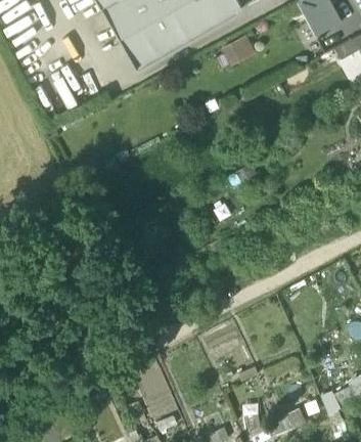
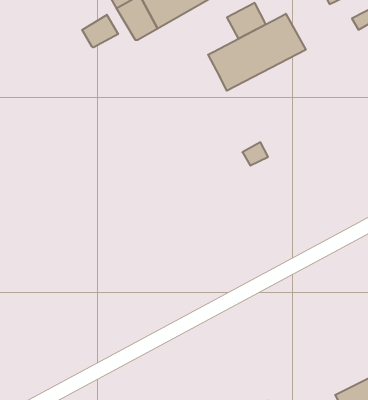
building: none -> [208,14,306,91]
building: none -> [82,15,118,47]

